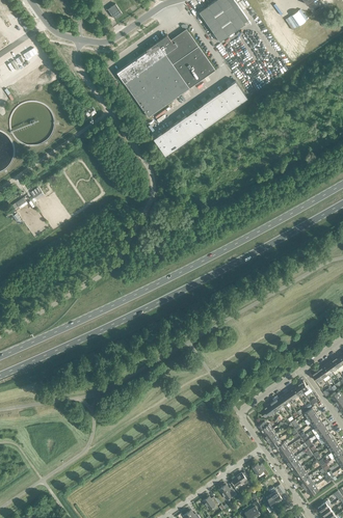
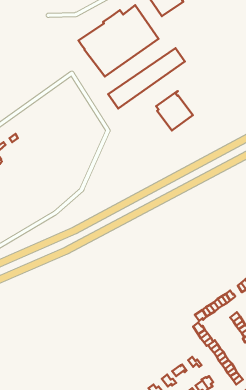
building: none -> [156,91,193,131]

